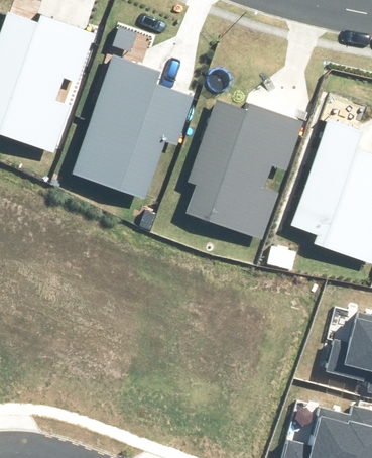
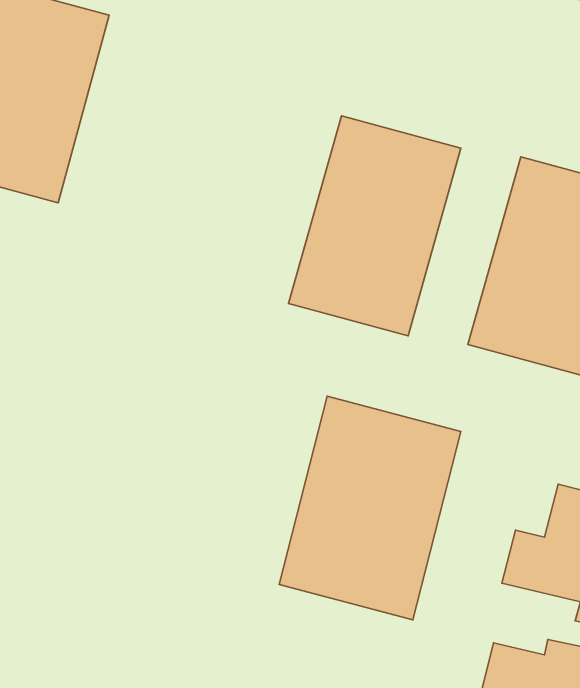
building: [84,59,185,189] -> none
building: none -> [279,396,461,620]

